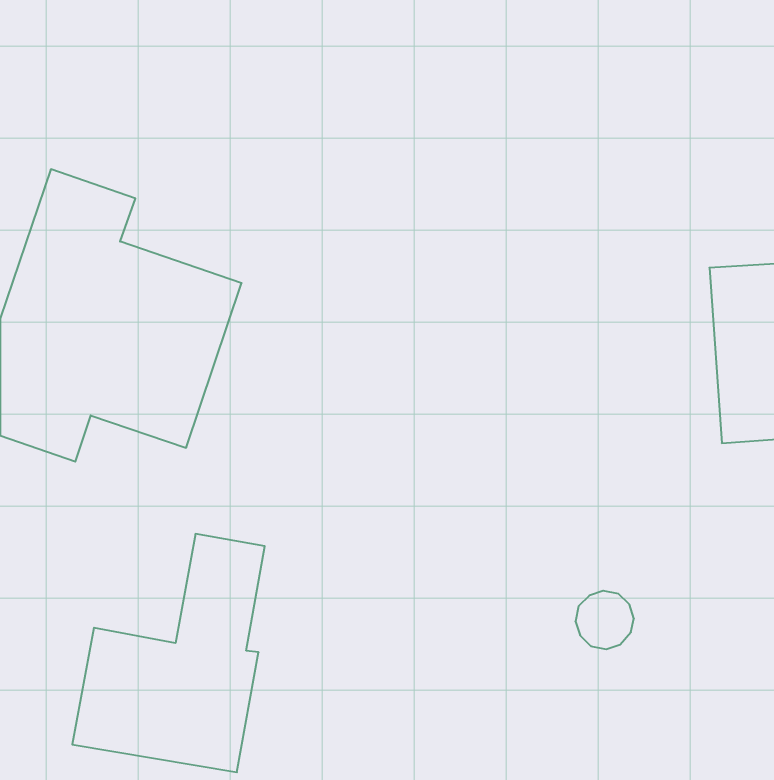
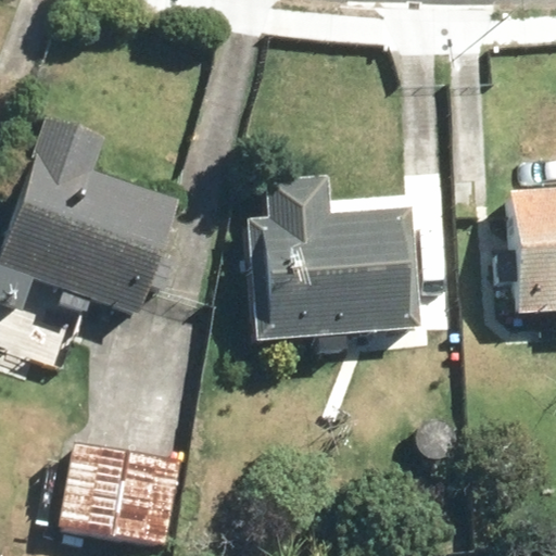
building: none -> [243,177,418,343]

